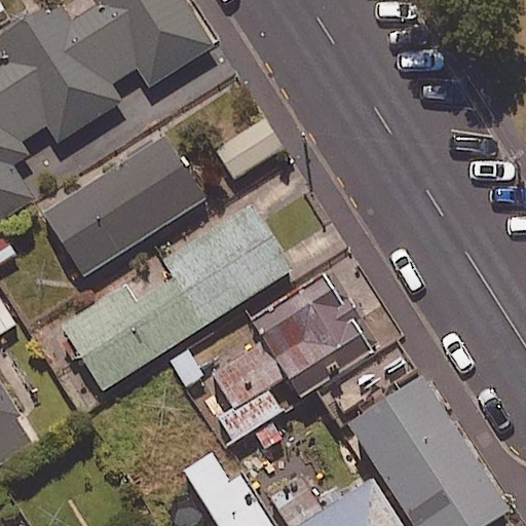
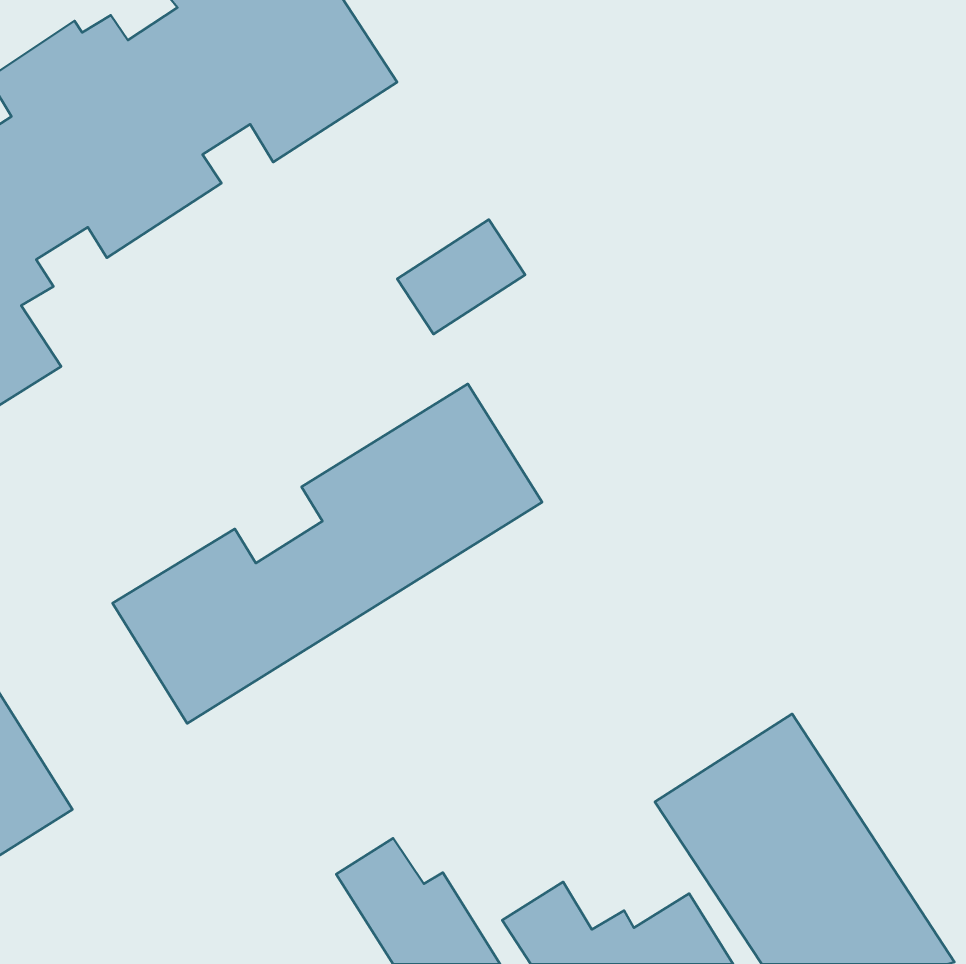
building: [41,137,203,278] -> none
building: [210,276,371,441] -> none

